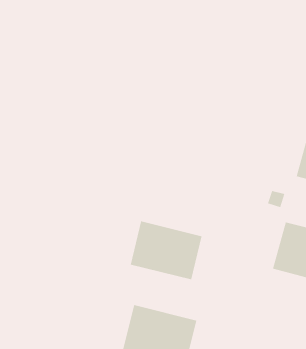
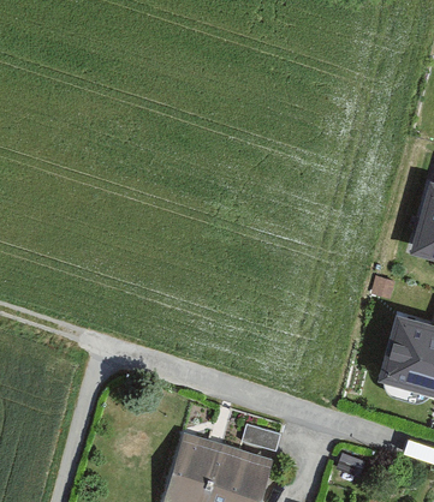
building: [130,221,202,280] -> none

